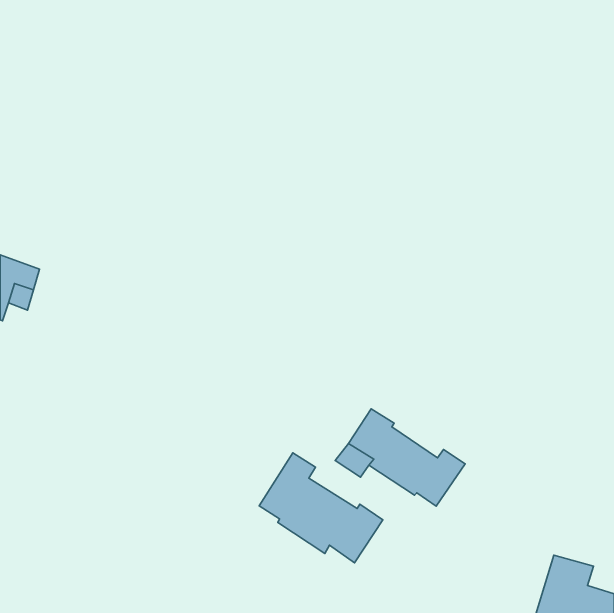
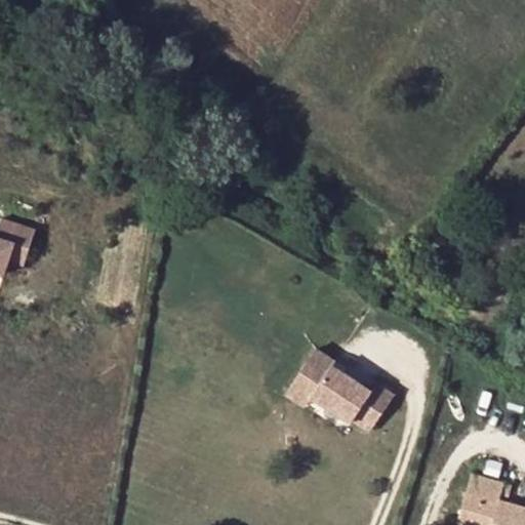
building: [259,453,383,563] -> none

